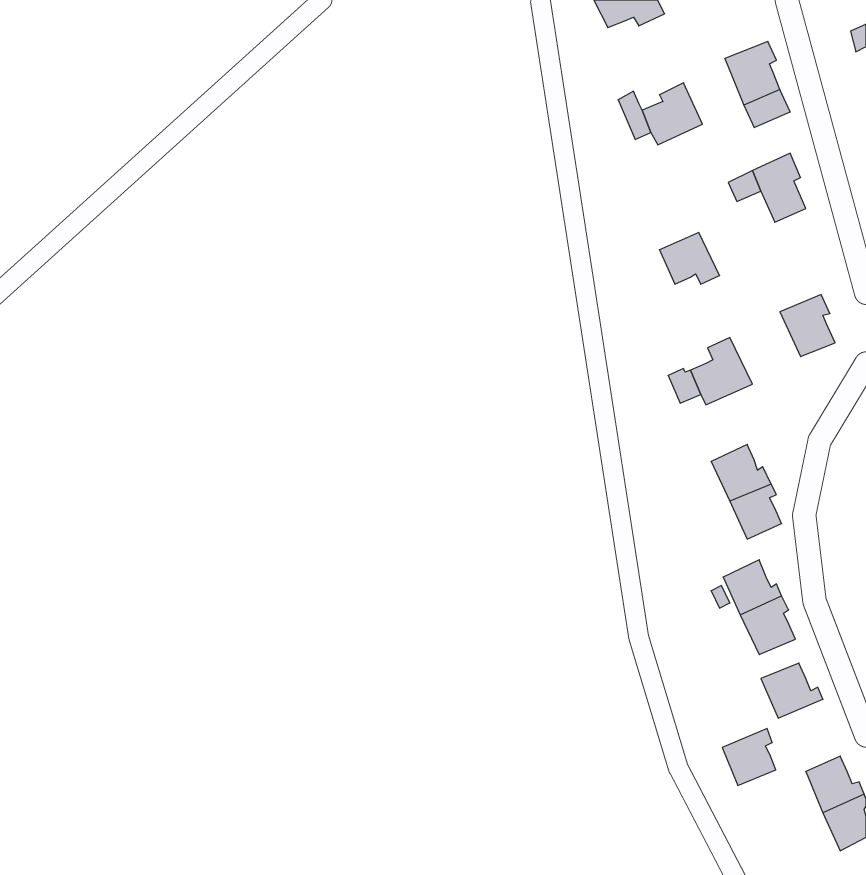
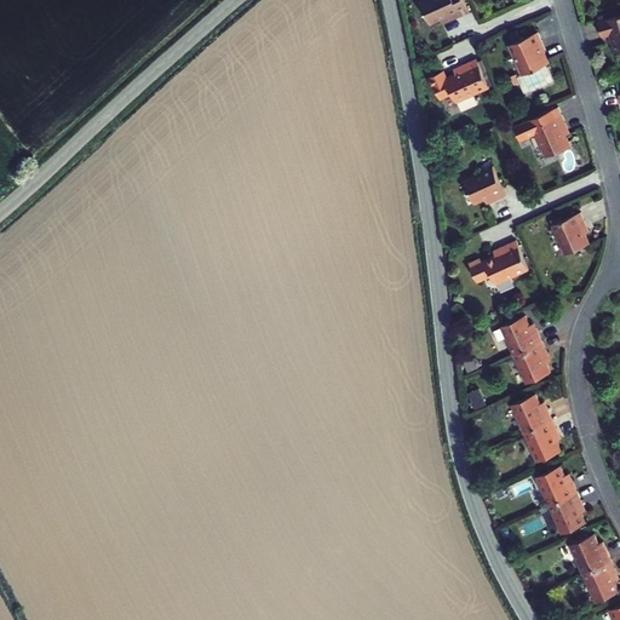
building: [722,729,776,785] -> [547,495,585,535]

